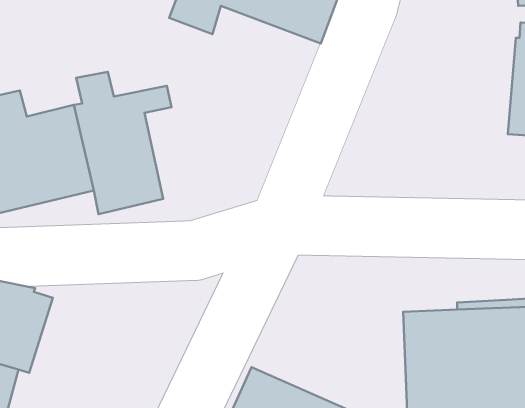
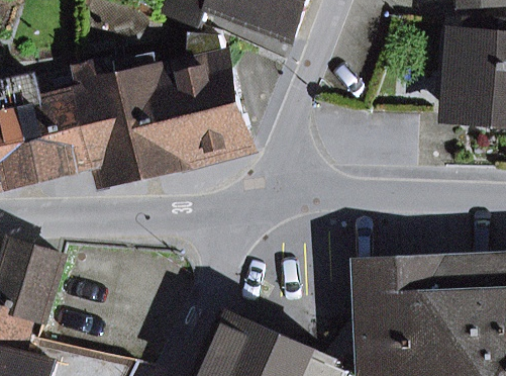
building: none -> [141,34,249,172]

